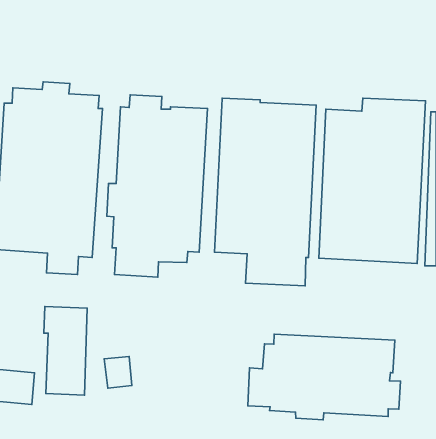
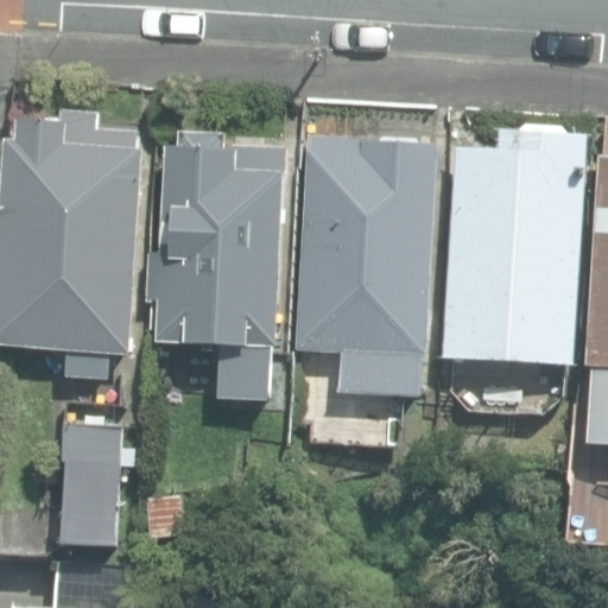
building: [248,334,400,420] -> none

